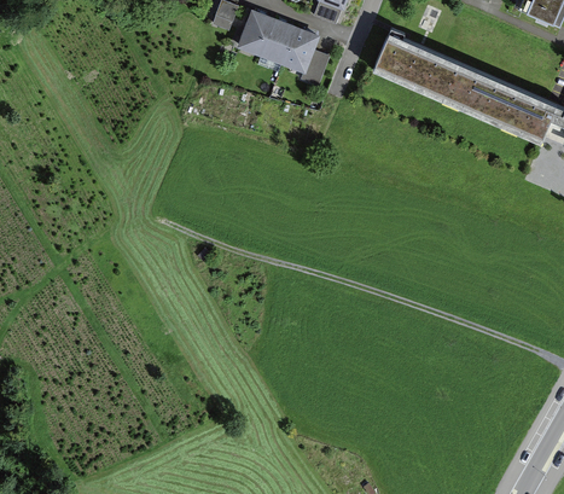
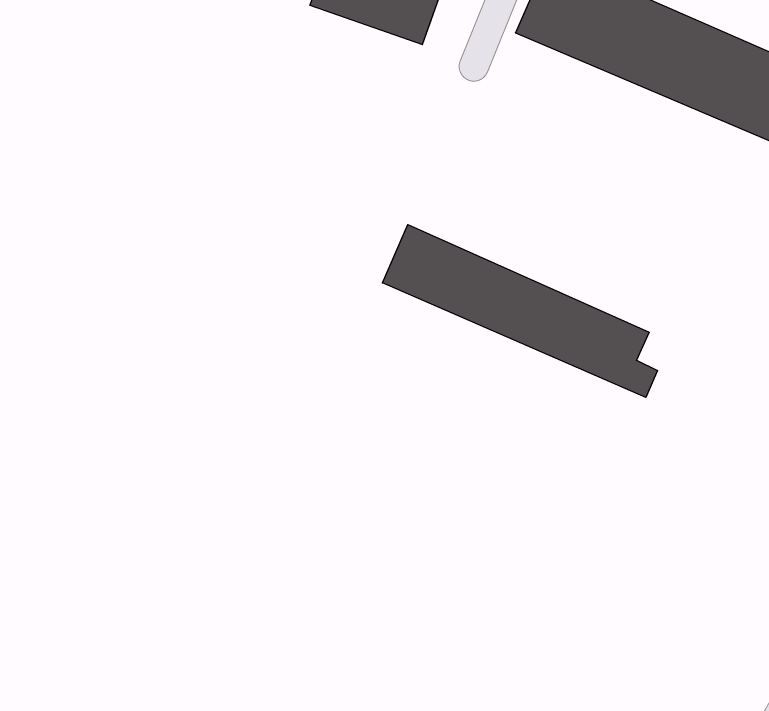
building: none -> [382,225,657,397]

